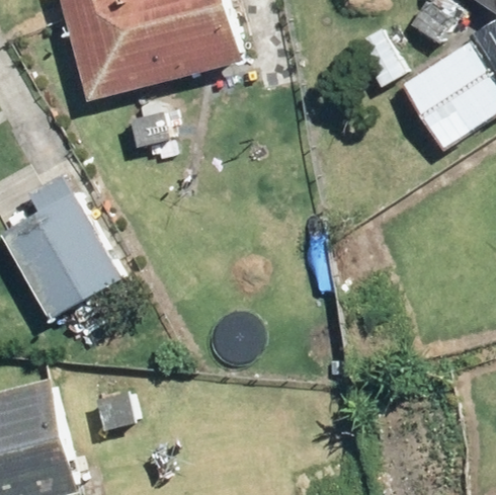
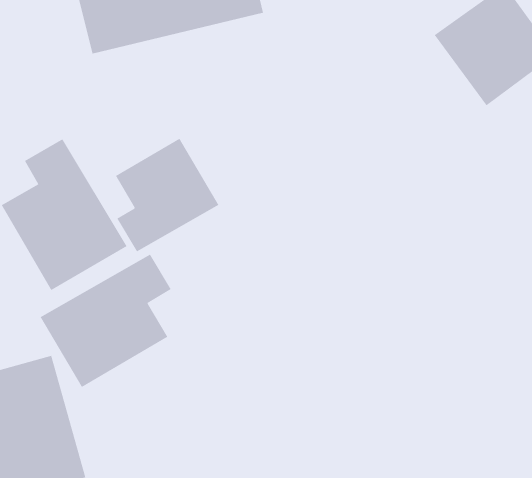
building: none -> [115,138,219,252]
building: none -> [40,254,172,388]

